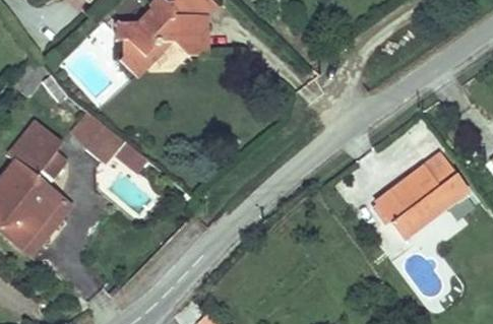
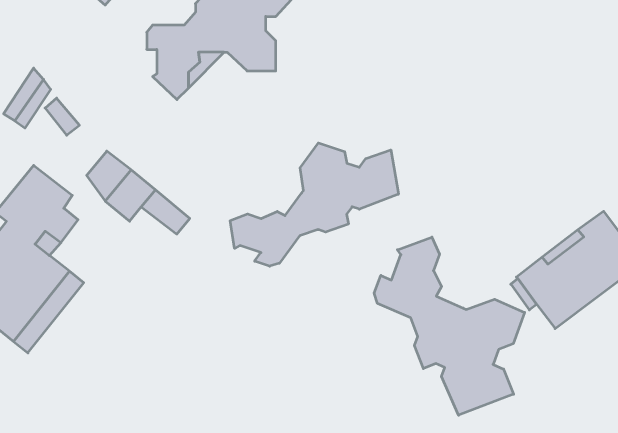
building: none -> [230,143,398,266]
building: none -> [374,237,525,415]

